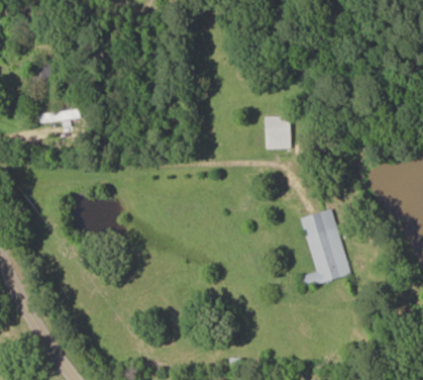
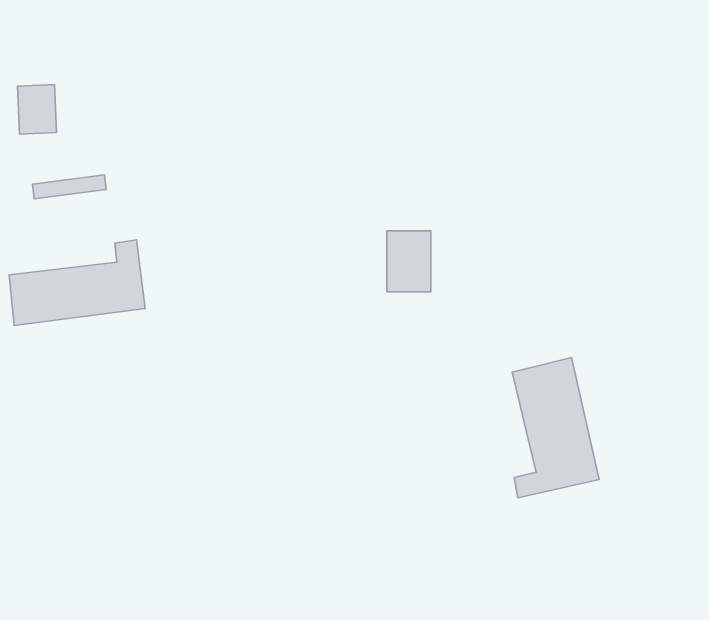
building: [266,115,290,149] -> [387,231,431,292]
building: none -> [9,240,145,325]

